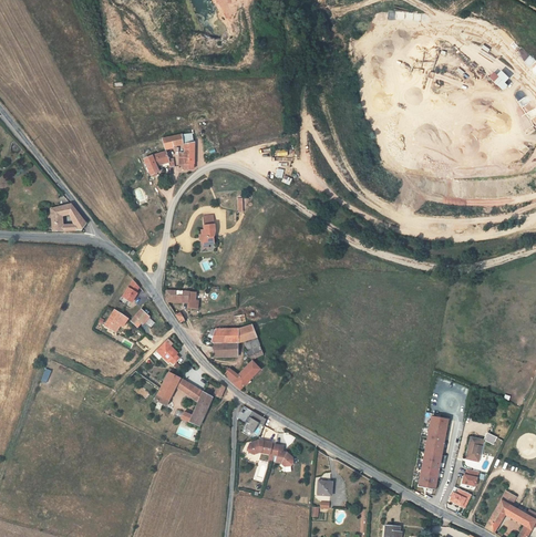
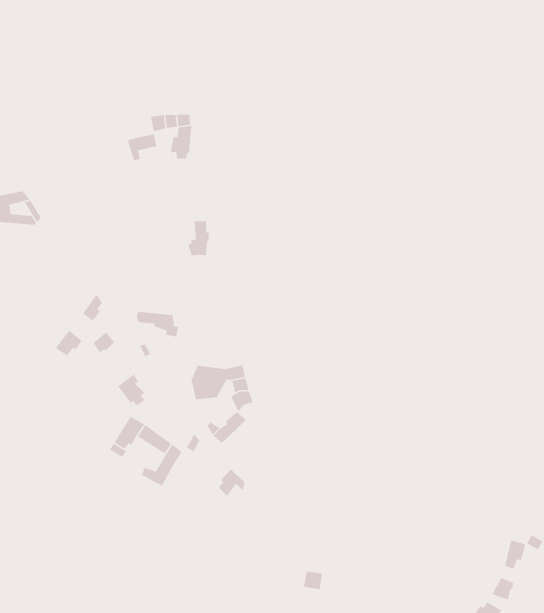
building: [418,422,449,494] -> none
building: [244,435,288,462] -> none

